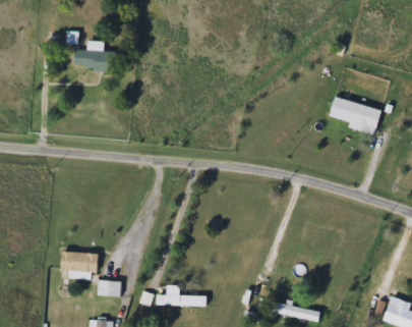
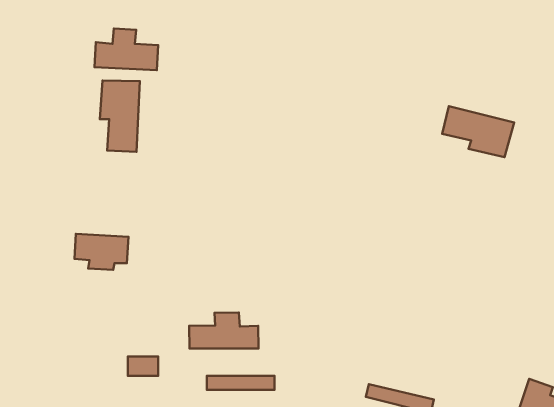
building: none -> [100,80,140,152]
building: none -> [189,312,258,349]
building: [58,252,98,278] -> [74,234,128,270]

